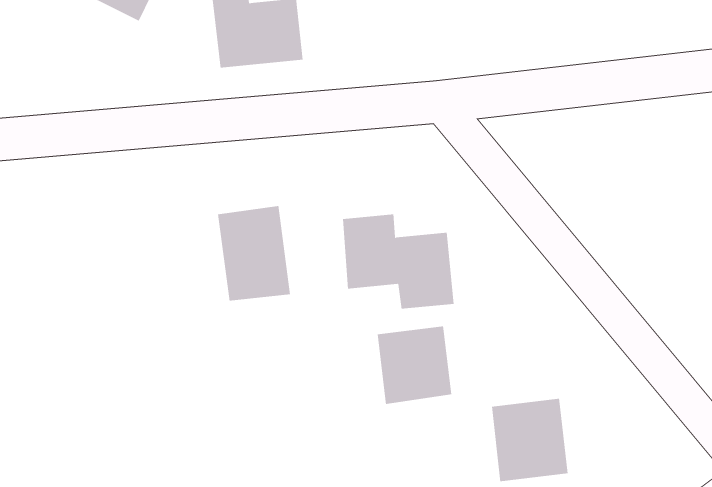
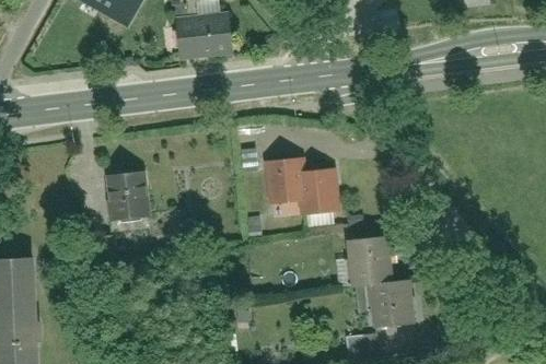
building: [217,206,291,301] -> [102,168,150,231]
building: [377,326,452,404] -> [344,230,393,281]

